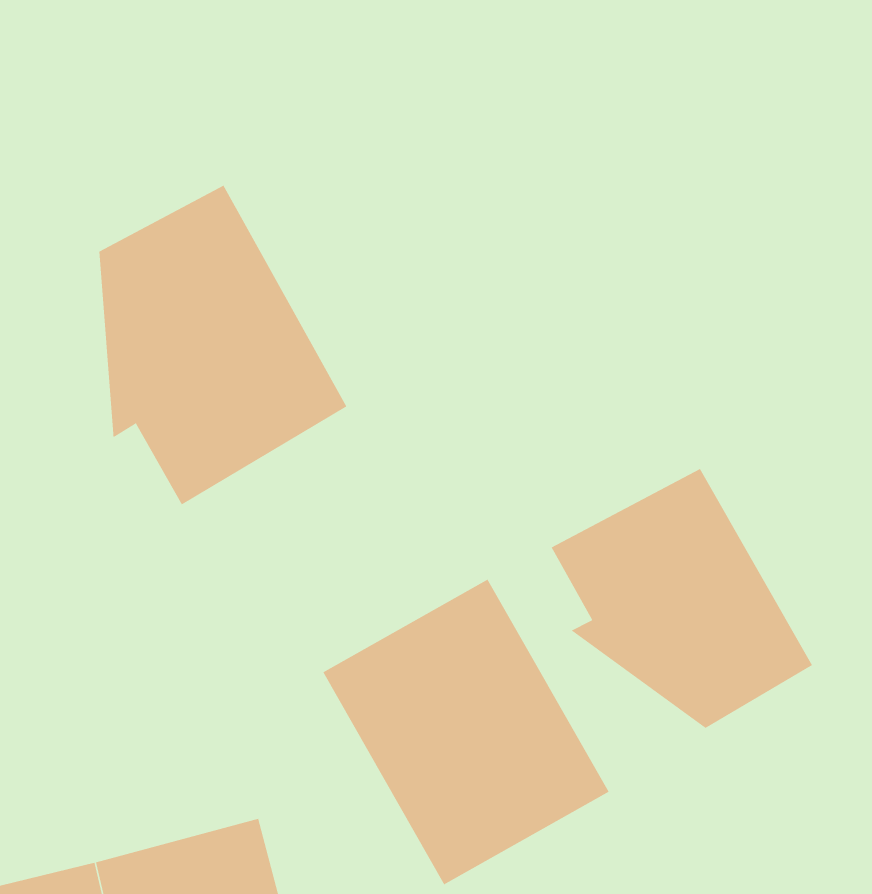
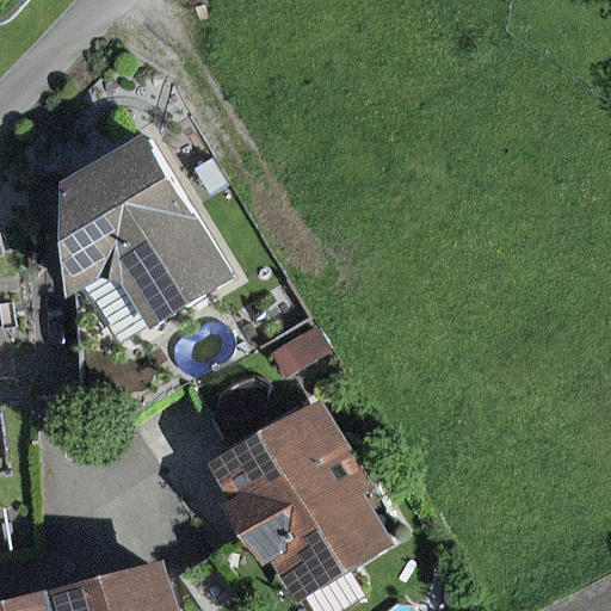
building: [551,468,813,729] -> none

